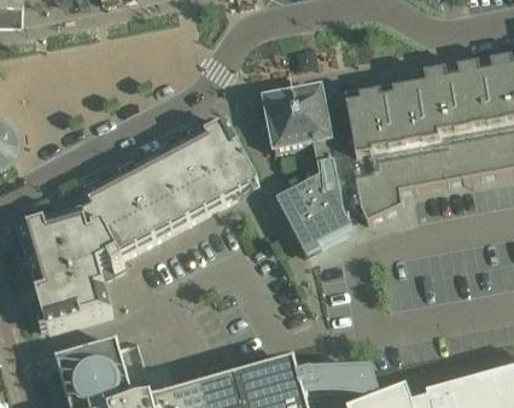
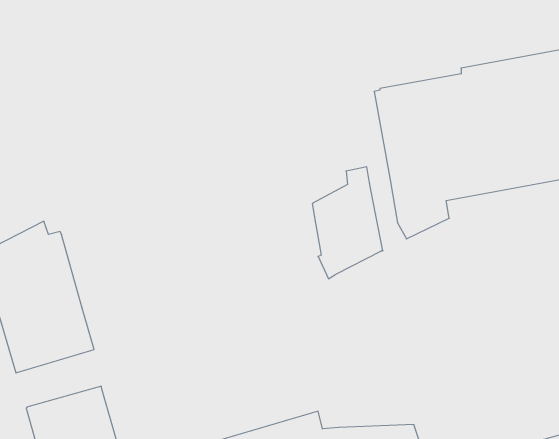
building: [259,87,354,174] -> none
building: [84,122,258,276] -> none

